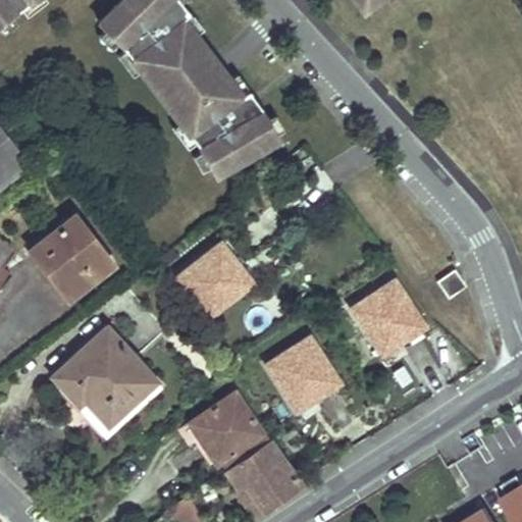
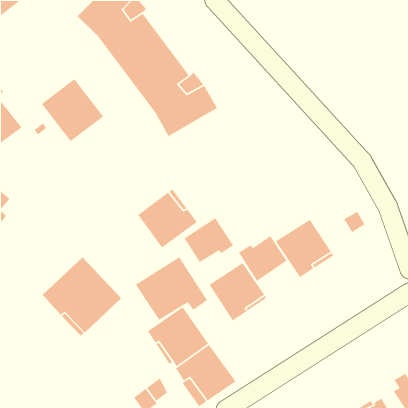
building: [33,216,113,298] -> [41,78,104,142]
building: none -> [183,217,234,263]
building: none -> [238,235,288,282]
building: none -> [135,256,208,321]

